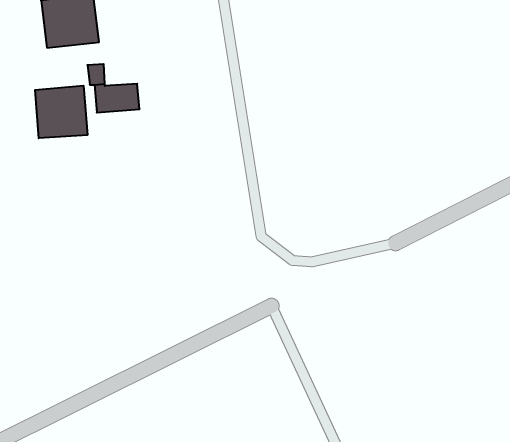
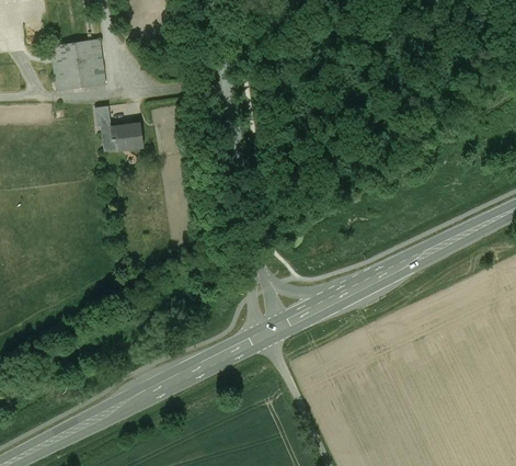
building: [35,86,87,138] -> none

